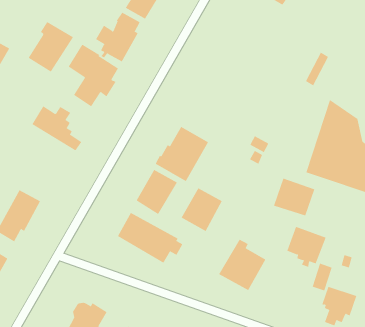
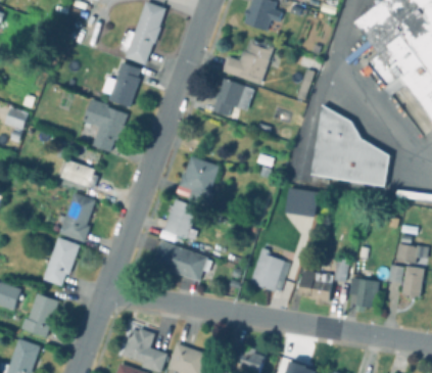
building: none -> [223,38,280,83]
building: [28,21,74,73] -> none
building: none -> [212,79,254,118]
building: none -> [58,190,97,242]
building: [181,188,223,232] -> none
building: [286,226,327,267] -> [299,270,333,305]

